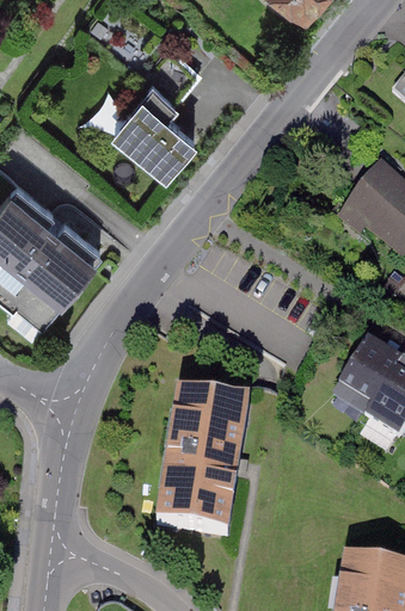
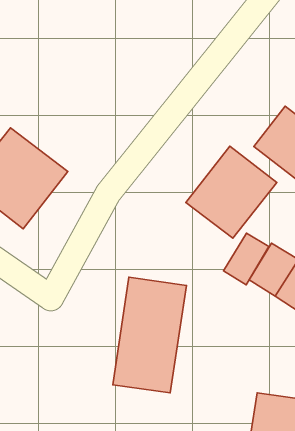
building: [113,97,194,173] -> none
building: none -> [186,146,277,238]
building: none -> [223,233,269,285]

